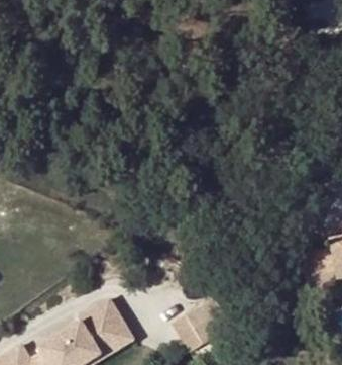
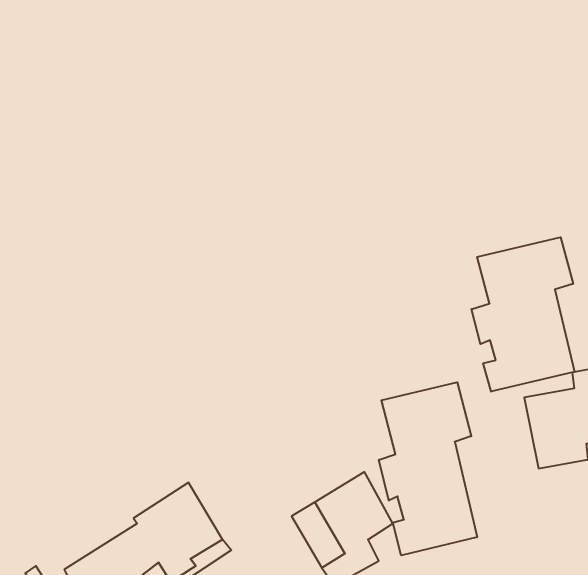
building: none -> [471,237,575,392]
building: none -> [379,382,477,555]

